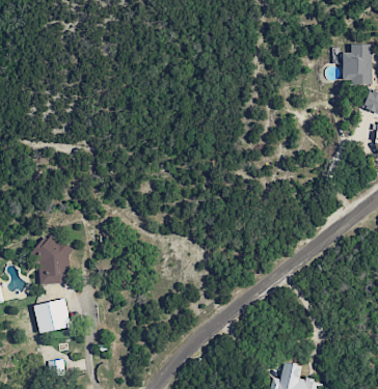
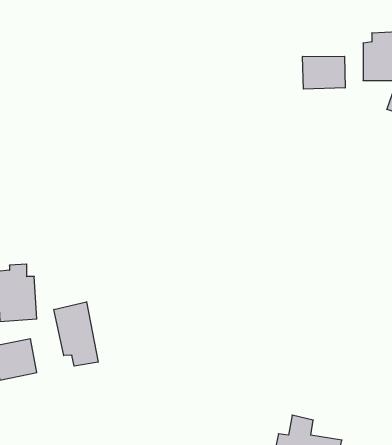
building: none -> [303,56,345,89]
building: none -> [54,302,98,366]

